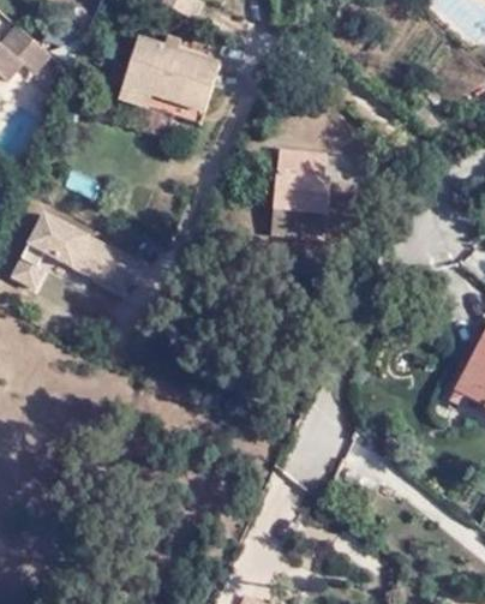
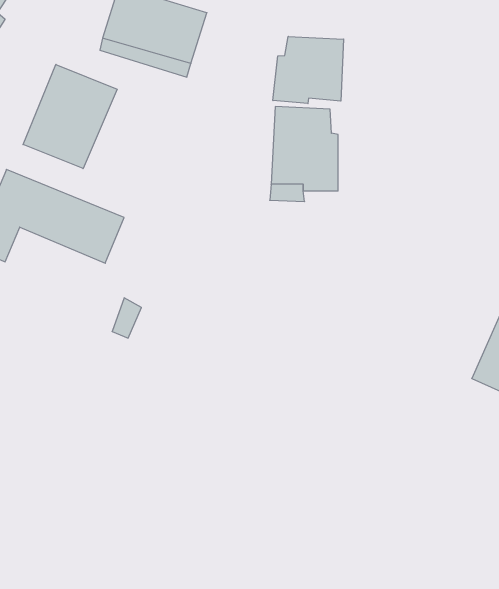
building: none -> [273,36,344,104]
building: none -> [23,64,117,169]

